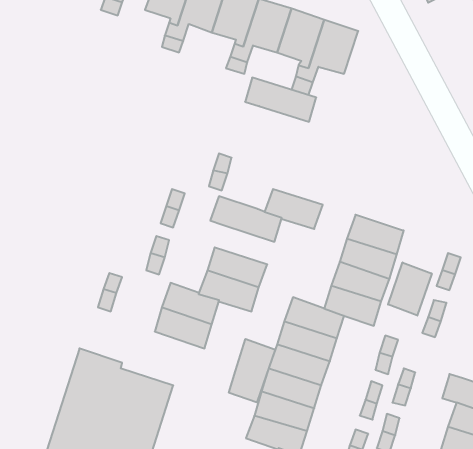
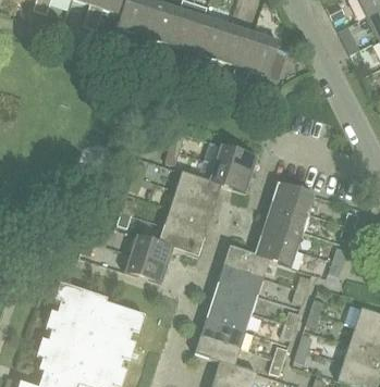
building: [245,78,316,122] -> [204,140,258,174]
building: none -> [170,189,216,220]
building: [388,262,432,316] -> none
building: [229,339,275,402] -> none

